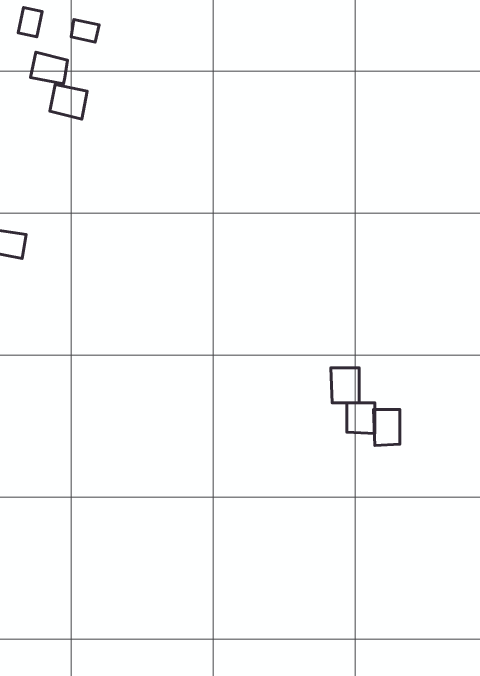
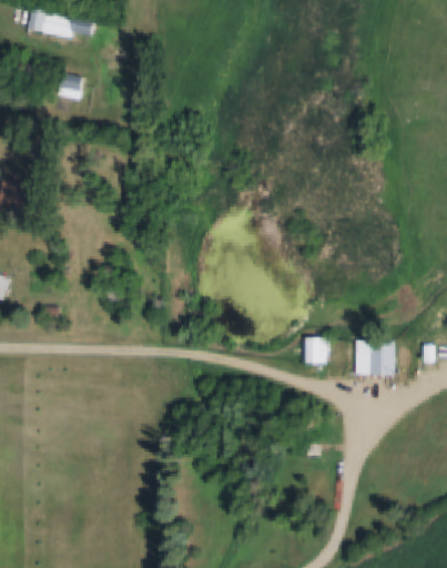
building: [30,52,67,84] -> [40,11,71,38]
building: [331,368,359,403] -> none
building: none -> [365,342,390,375]

